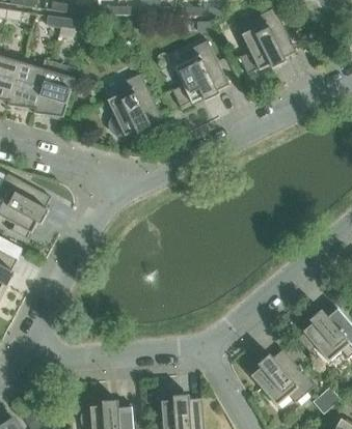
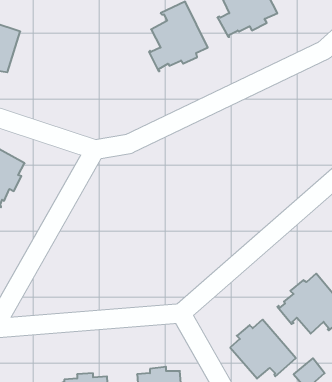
building: [32,59,76,115] -> none
building: [105,71,160,135] -> none

